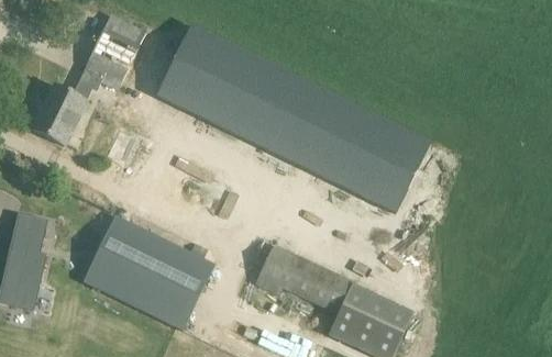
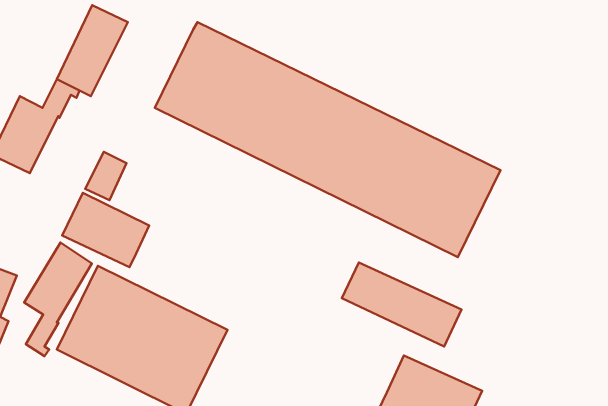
building: none -> [62,193,149,267]
building: none -> [24,242,92,356]
building: [260,248,352,313] -> [342,263,461,347]

